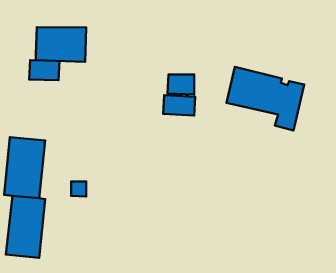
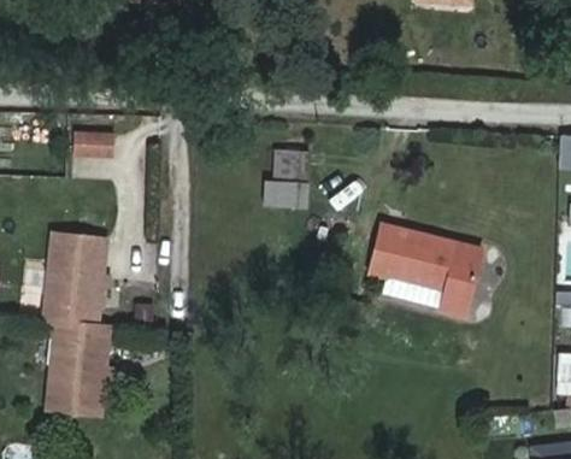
building: [36,27,86,62] -> none
building: [226,67,304,130] -> [372,233,484,324]

